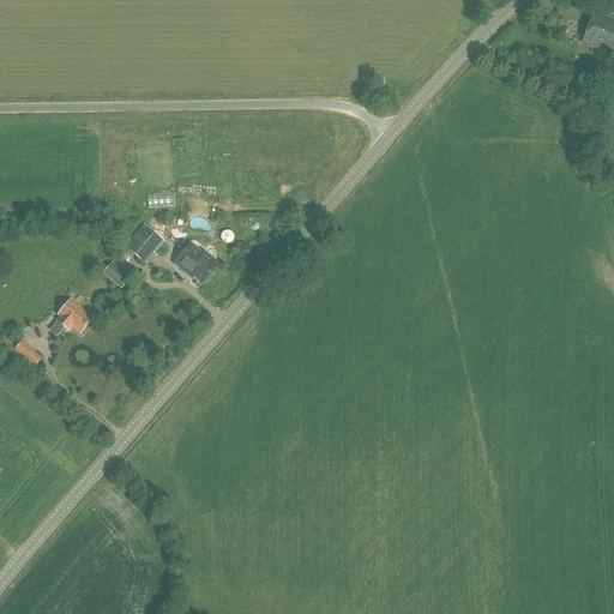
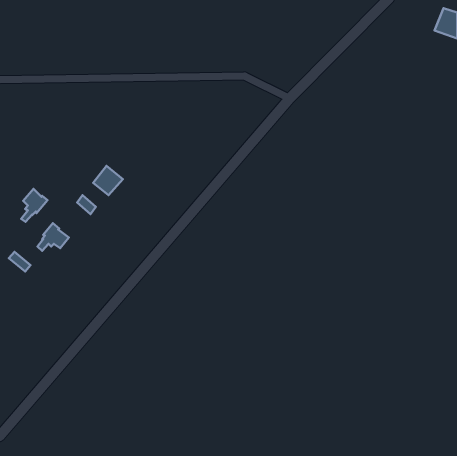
building: [174,241,217,281] -> none
building: none -> [21,189,48,222]

